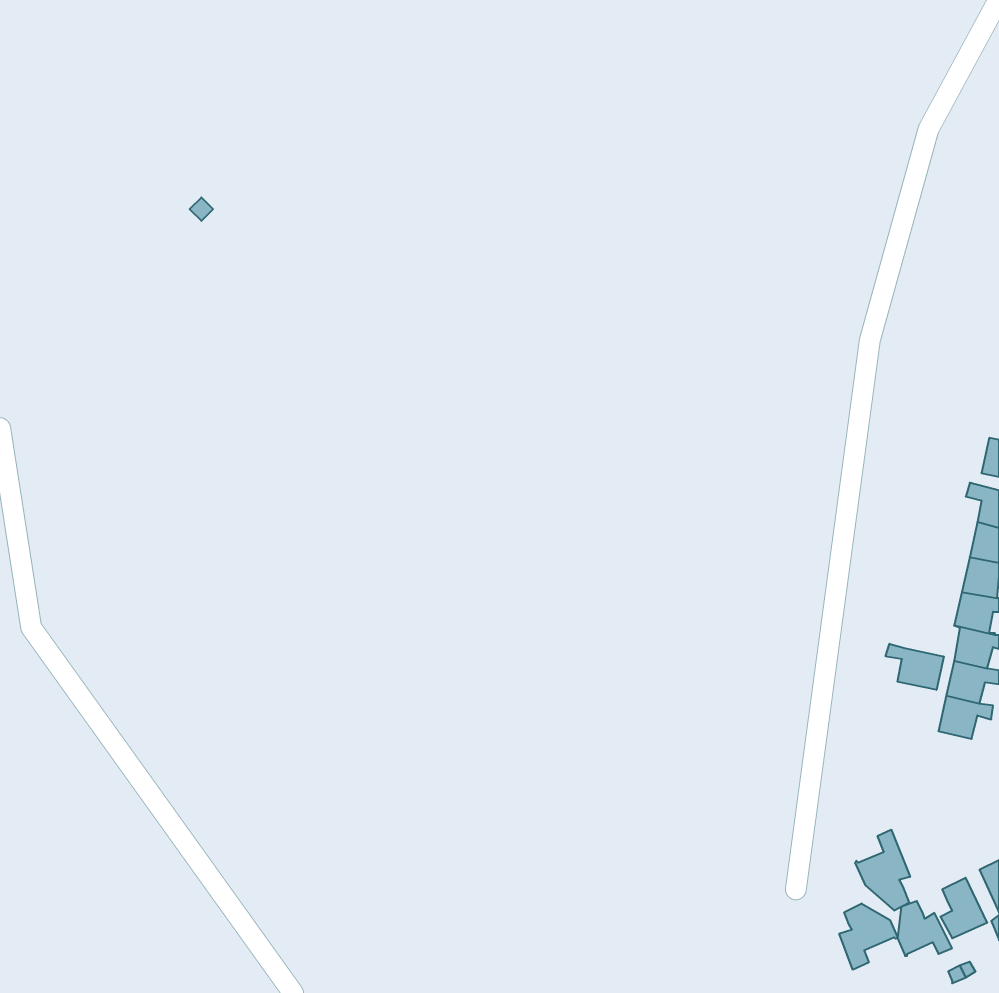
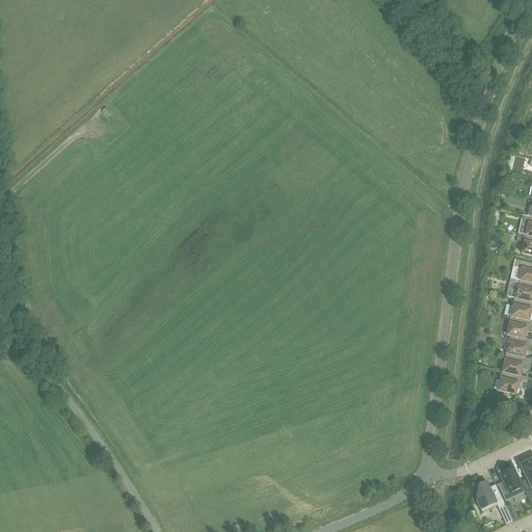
building: [886,644,944,690] -> none
building: [855,830,910,911] -> none
building: [839,903,897,970] -> none

